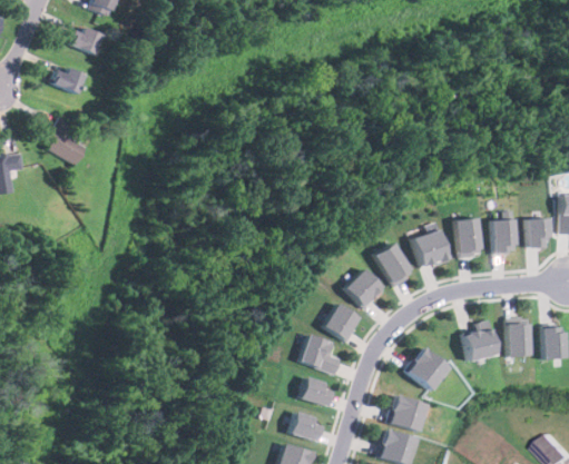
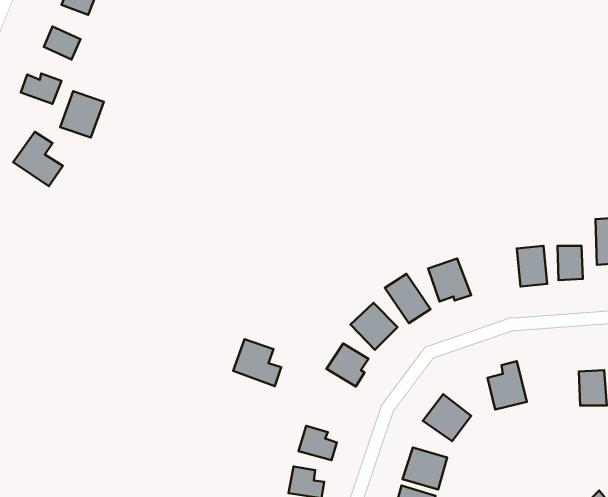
building: none -> [60,91,104,138]
building: [452,217,478,258] -> none
building: [507,318,530,356] -> none
building: [296,334,339,375] -> [233,339,281,386]

